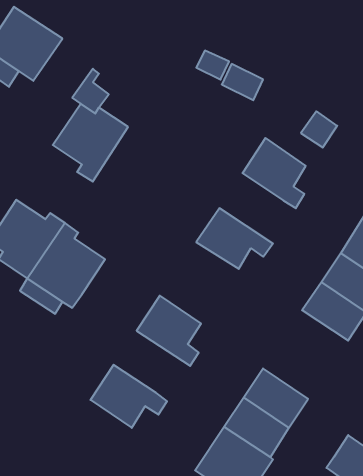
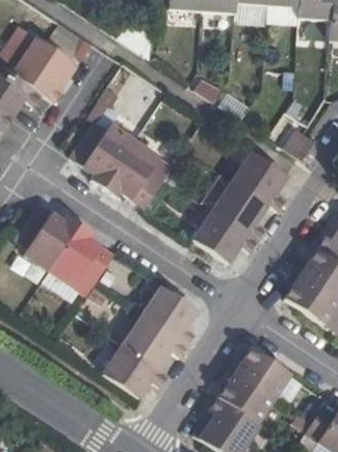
building: none -> [105,140,174,207]
building: none -> [213,180,268,240]
building: none -> [123,315,188,368]

